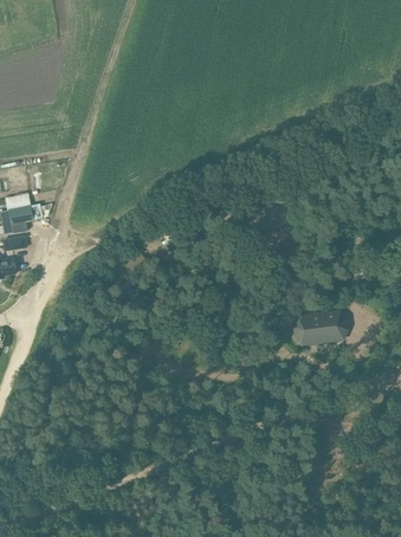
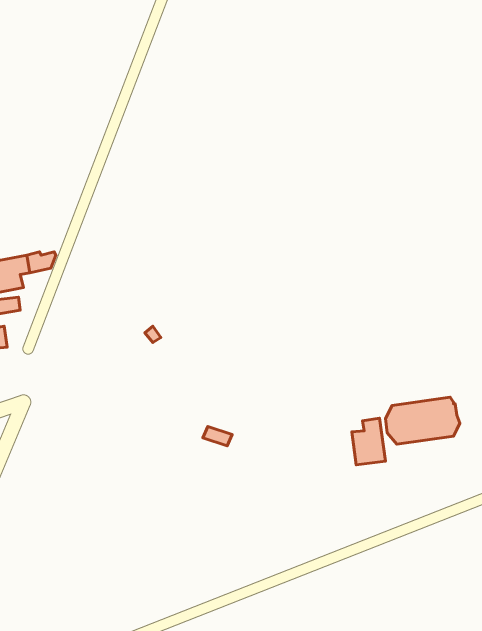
building: none -> [352,418,386,465]

